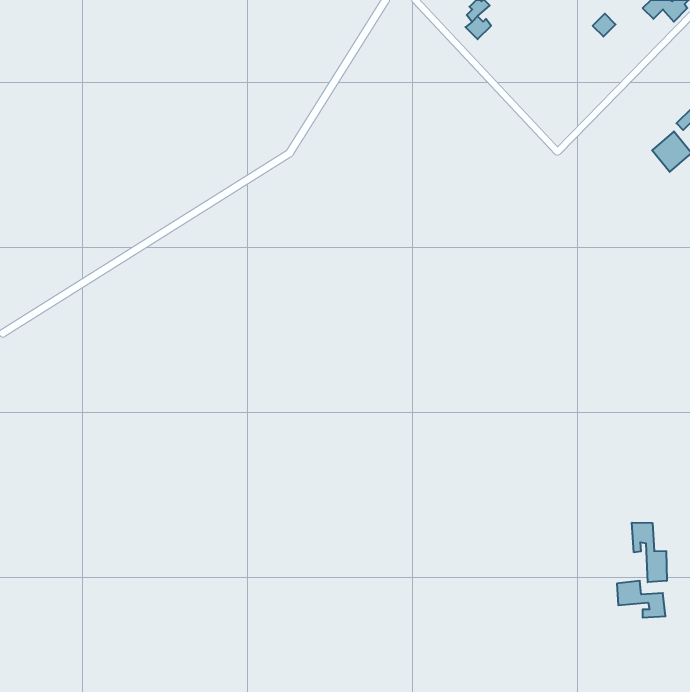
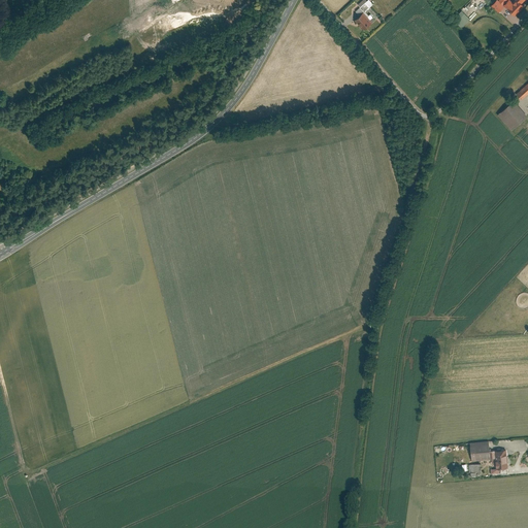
building: [632,523,667,582] -> none

